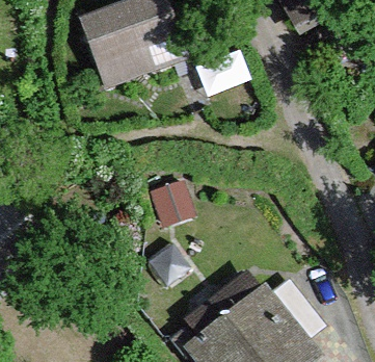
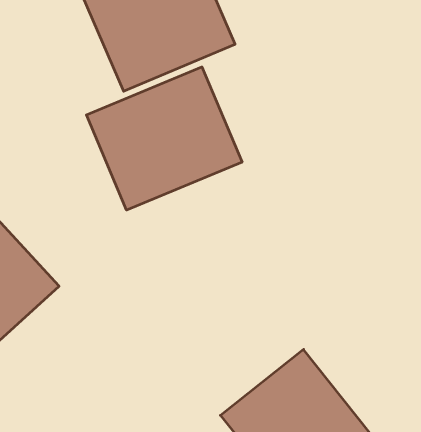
building: none -> [86,67,242,210]

